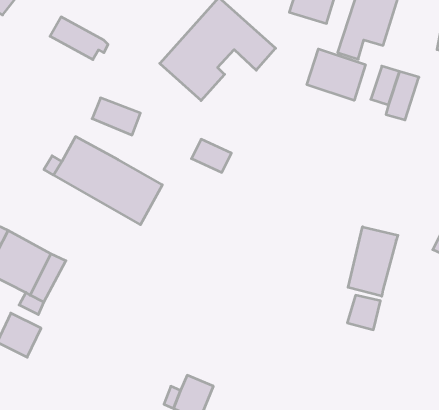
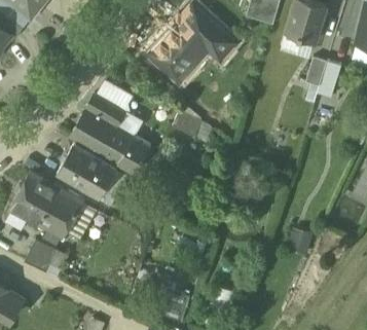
building: [50,17,108,60] -> [86,95,130,126]
building: [307,49,365,100] -> none
building: none -> [58,145,117,199]
building: [348,227,398,296] -> none

